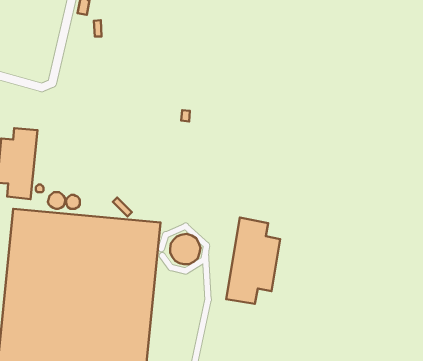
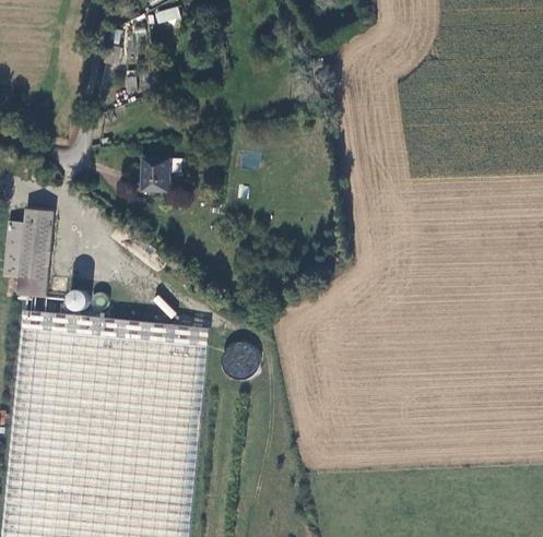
building: none -> [140,157,169,194]
building: [226,218,280,304] -> none

